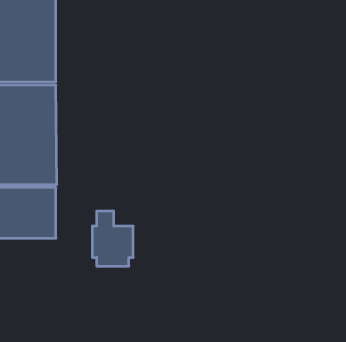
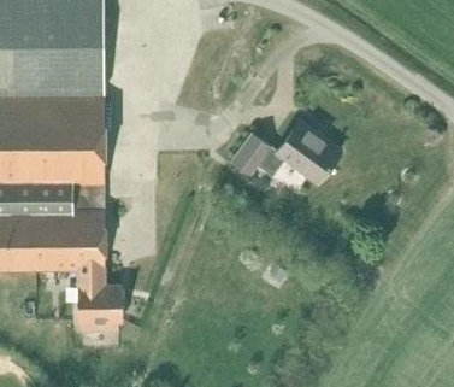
building: none -> [230,121,342,186]
building: [92,211,133,266] -> [76,268,122,329]

